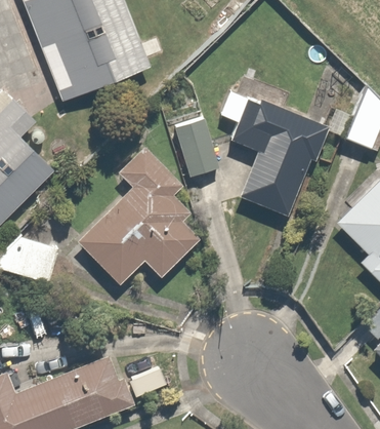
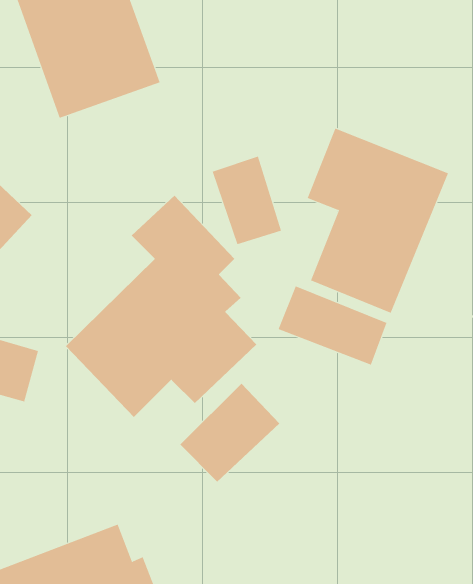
building: none -> [278,285,387,366]
building: none -> [179,383,280,483]

